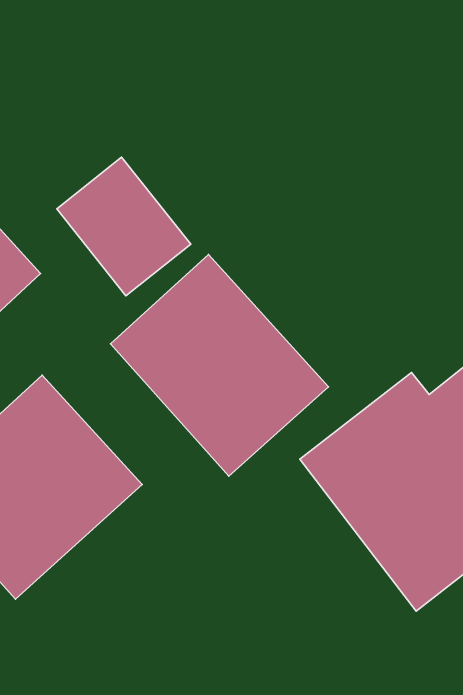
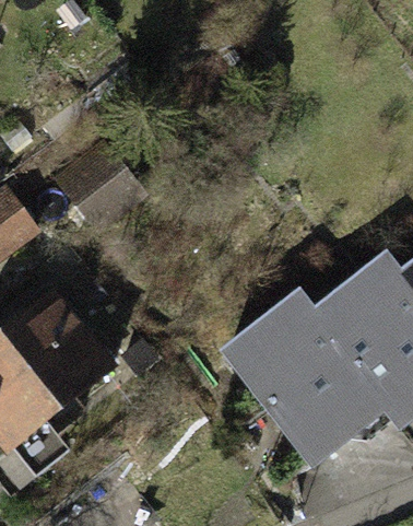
building: [110,255,329,476] -> none

